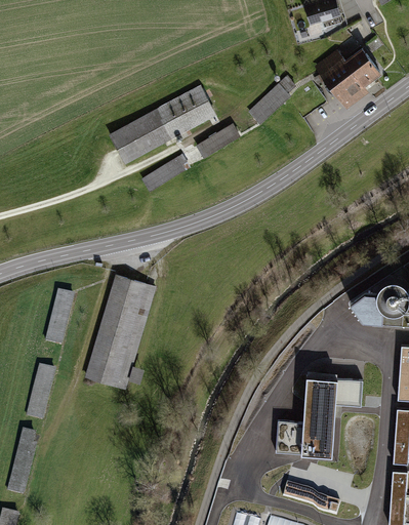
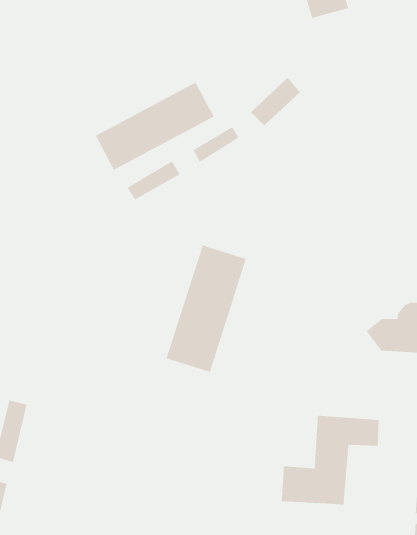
building: [317,49,381,103] -> none
building: [85,275,156,387] -> [166,244,247,373]
building: [46,289,74,344] -> none

